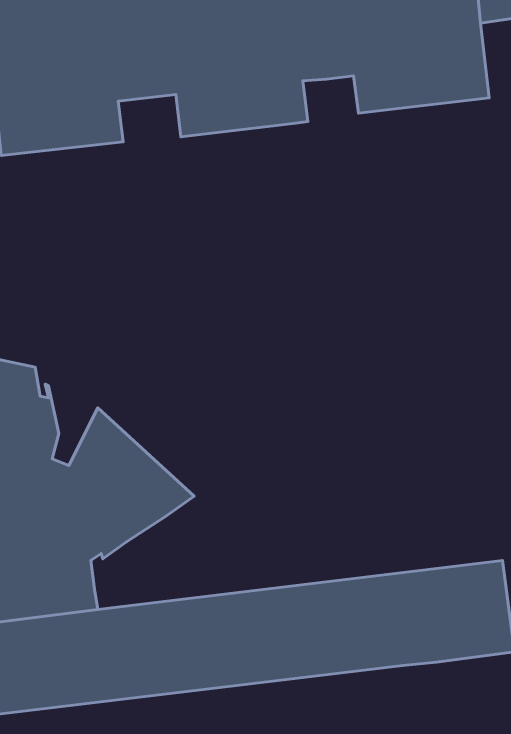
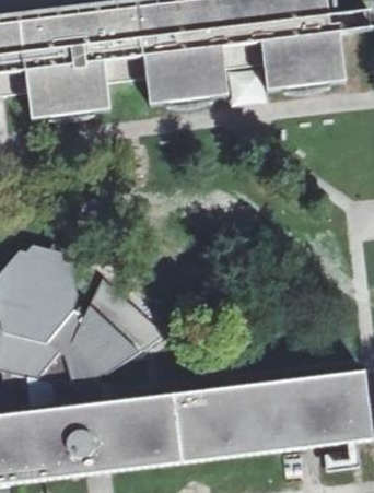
building: none -> [234,66,271,103]

